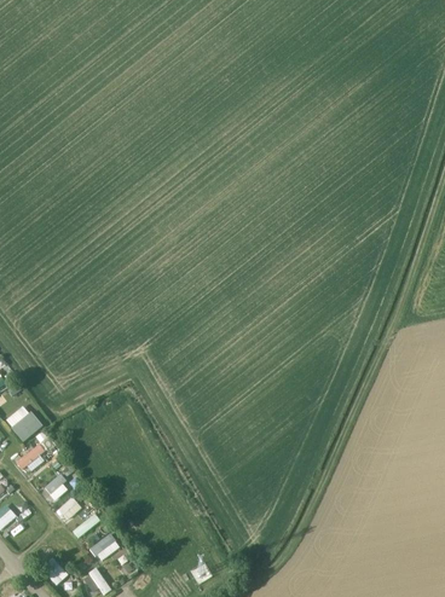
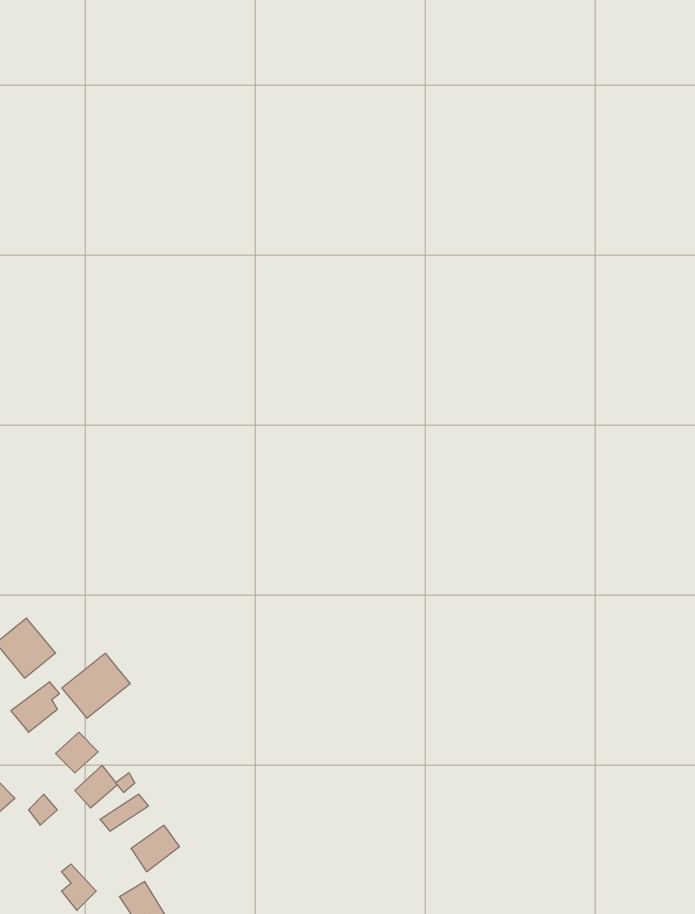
building: none -> [62,653,130,718]

